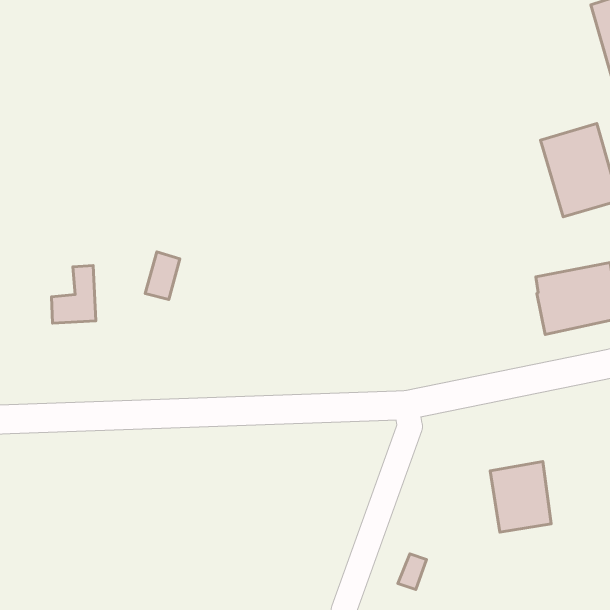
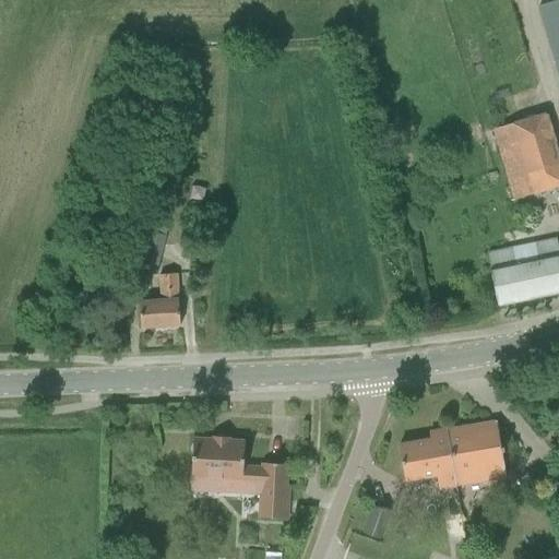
building: [51,266,96,323] -> [141,274,181,326]
building: none -> [401,429,457,489]
building: none -> [192,435,290,519]

